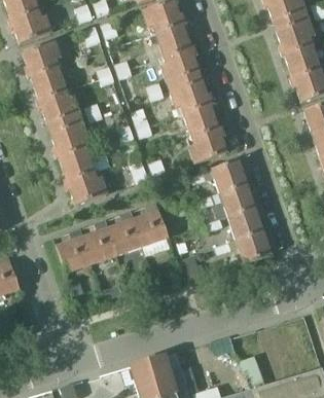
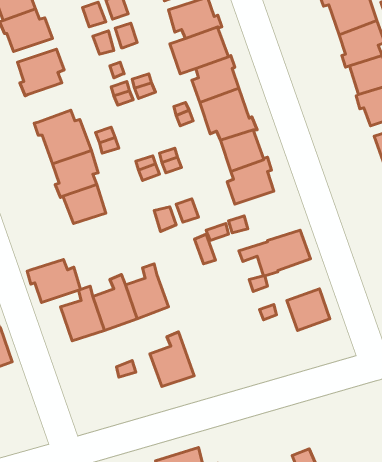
building: [32,68,66,99] -> none
building: [213,160,247,192] -> none
building: [65,171,107,205] -> [27,259,80,302]
building: [134,202,169,245] -> [150,332,194,386]
building: [229,207,262,240] -> none

